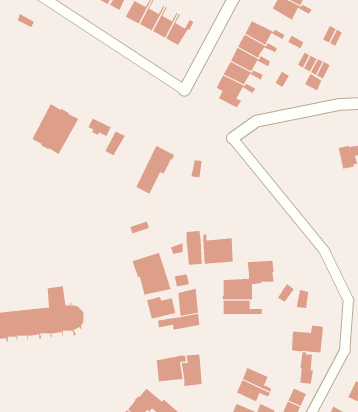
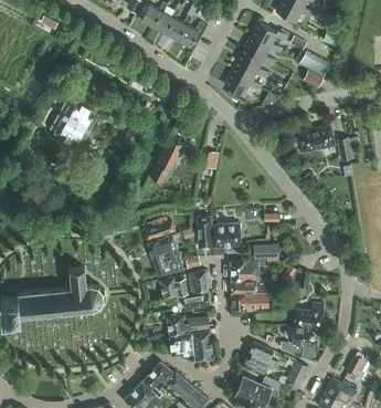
building: none -> [298,125,335,153]
building: none -> [144,218,176,241]
building: none -> [231,294,268,311]
building: none -> [167,315,209,336]
building: none -> [281,327,304,354]

